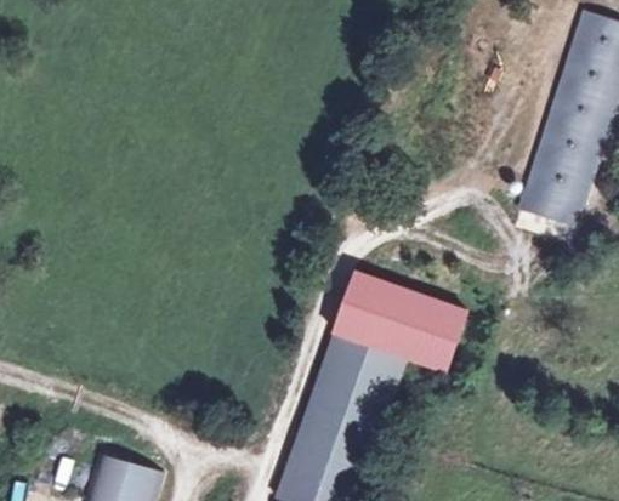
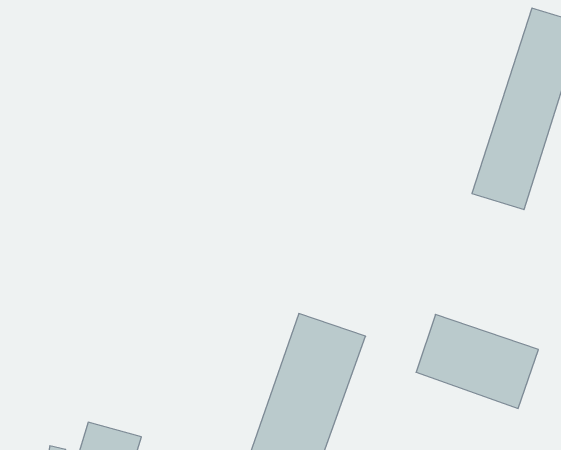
building: [335,272,466,372] -> [416,314,538,408]

